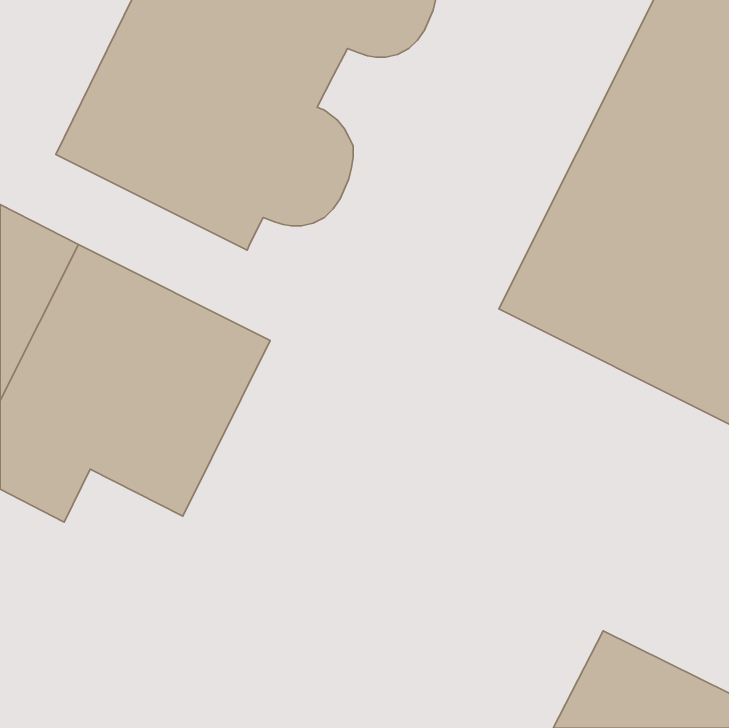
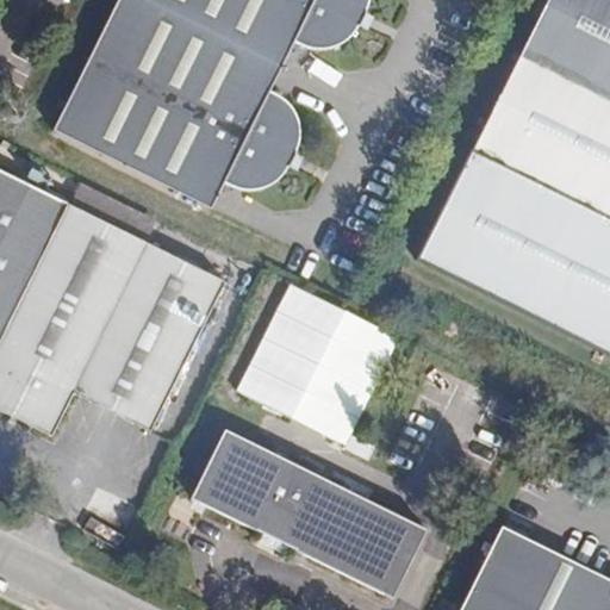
building: none -> [237,282,399,444]
building: none -> [193,429,429,597]

